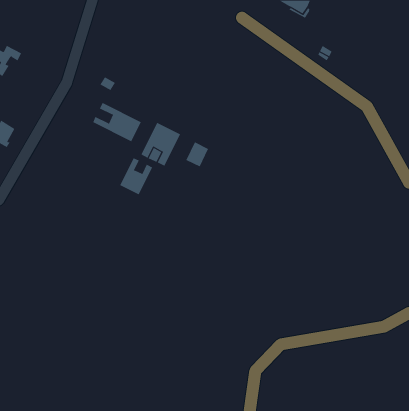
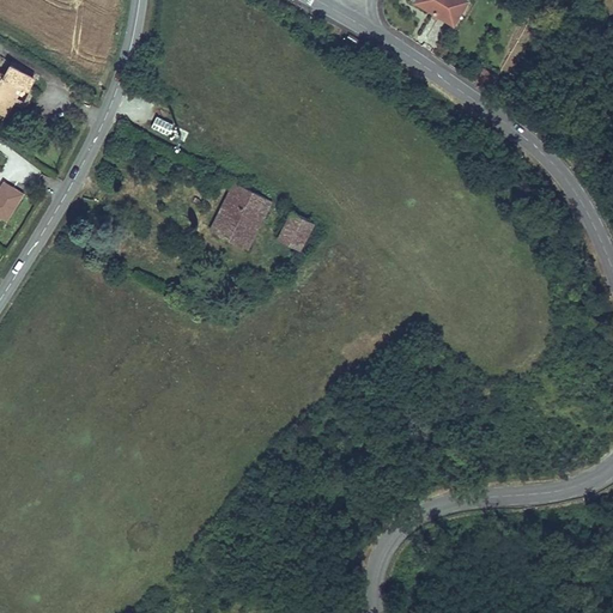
building: [92,102,142,142] -> none
building: [120,157,153,195] -> none

